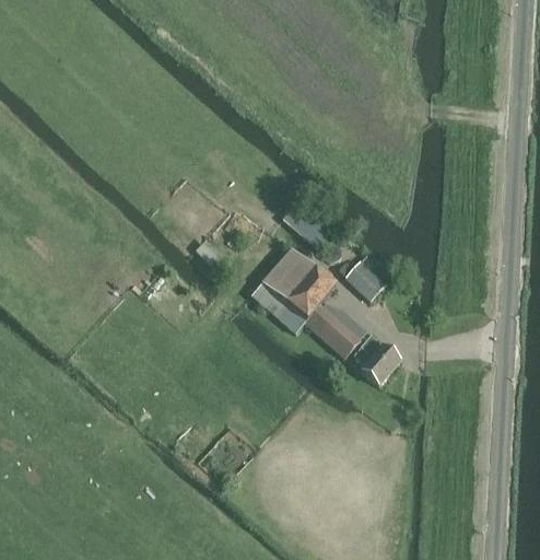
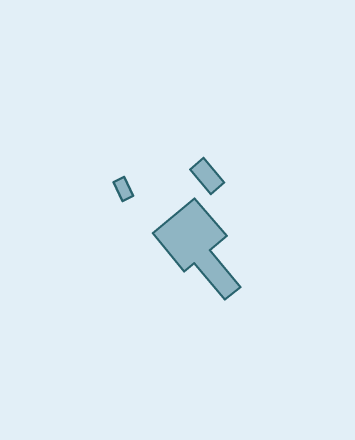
building: [339,260,386,300] -> none
building: [354,336,400,384] -> none

